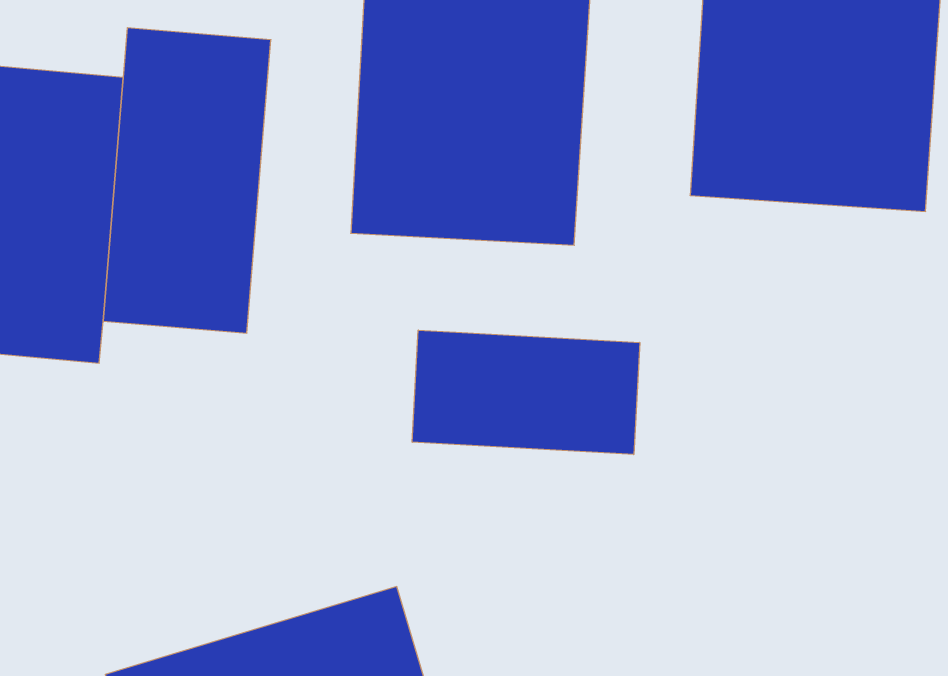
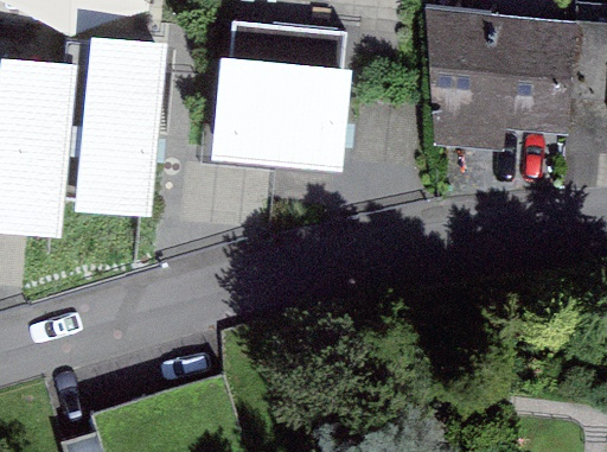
building: [412,330,640,455] -> none

